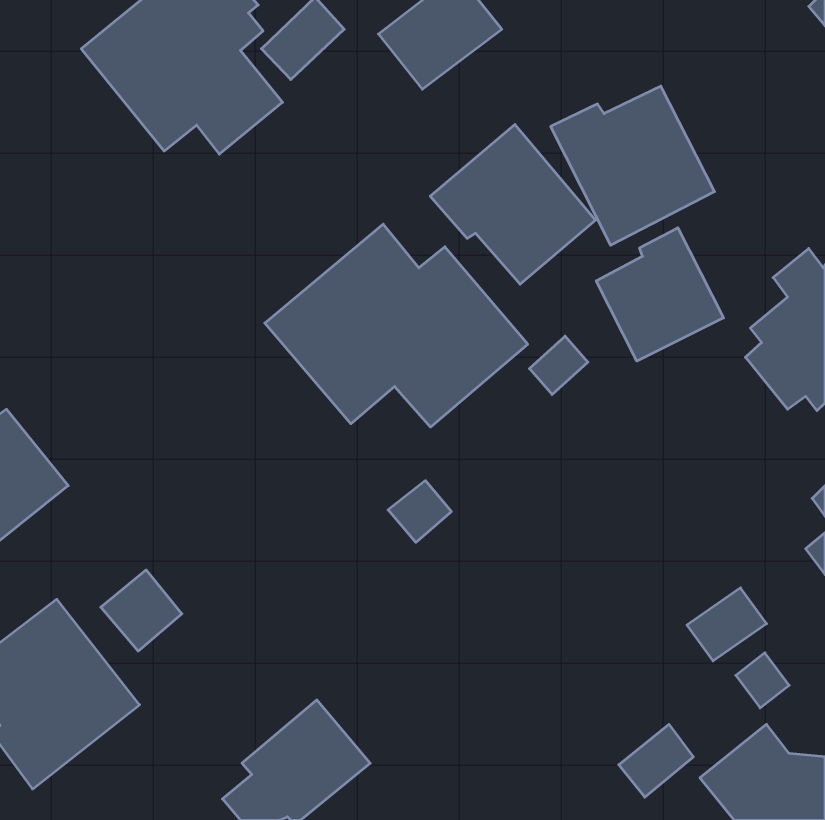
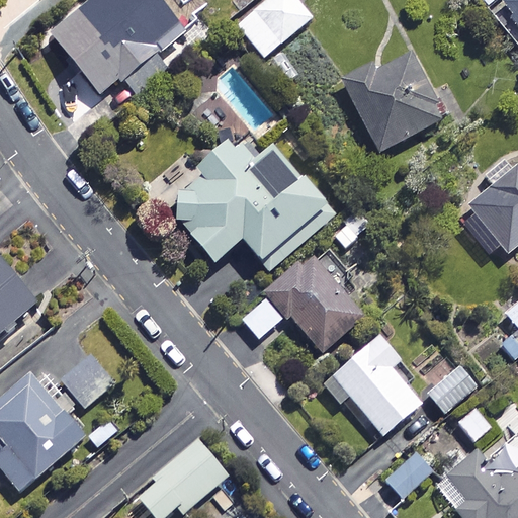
building: [430,124,595,284] -> none
building: [596,228,724,361] -> none
building: none -> [264,247,372,353]
building: none -> [323,334,428,439]

